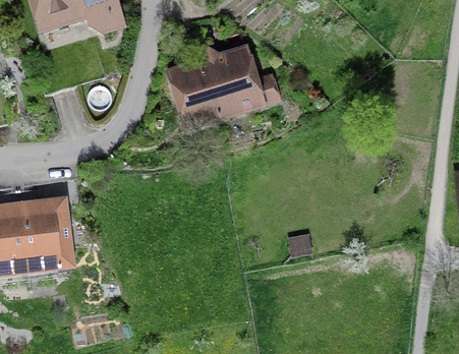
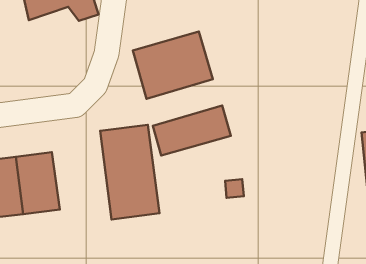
building: none -> [153,106,231,155]
building: none -> [100,125,160,219]

